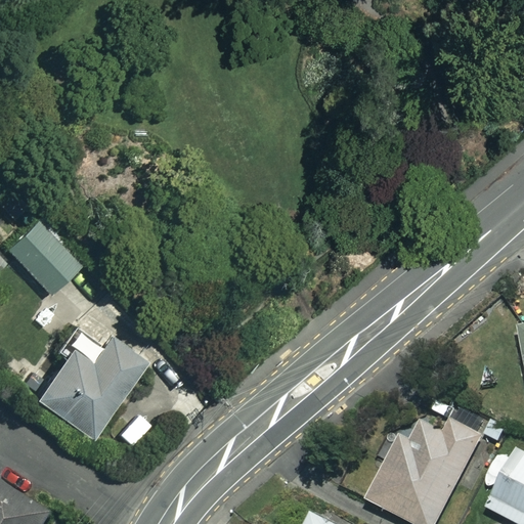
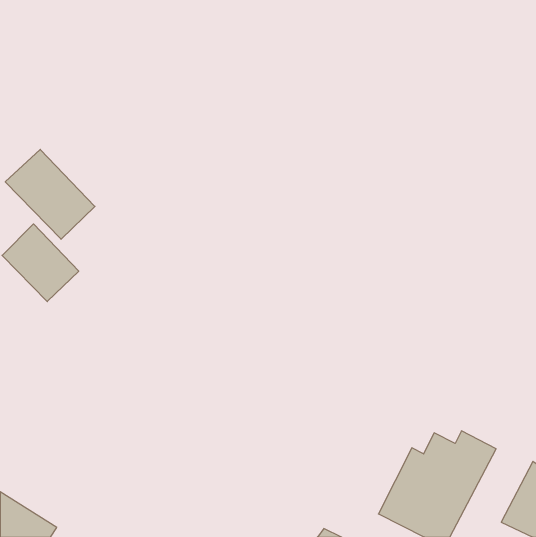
building: none -> [5,149,95,239]
building: [31,315,143,438] -> none

